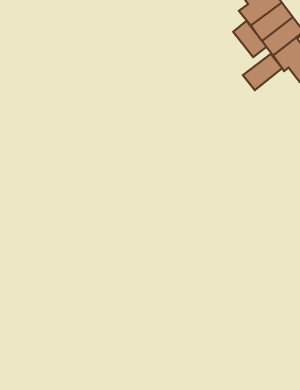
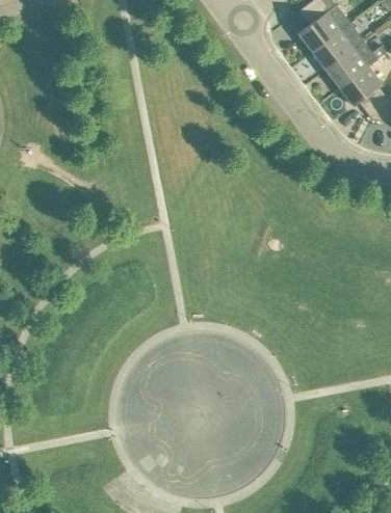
building: [233,21,267,57] -> none
building: [243,54,282,90] -> none

